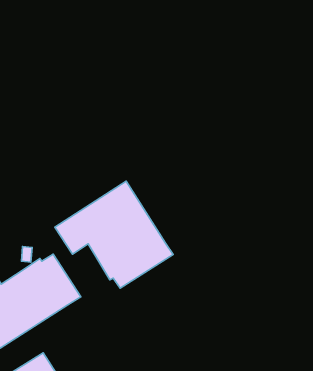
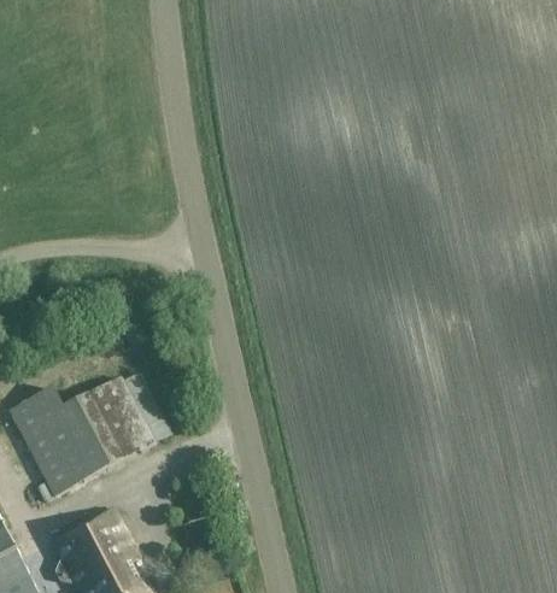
building: [55,181,173,288] -> none

